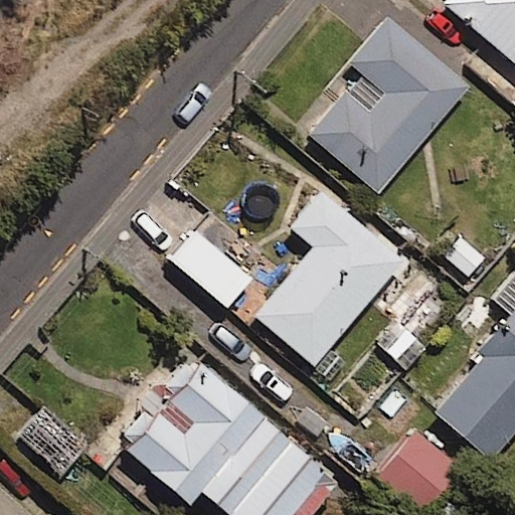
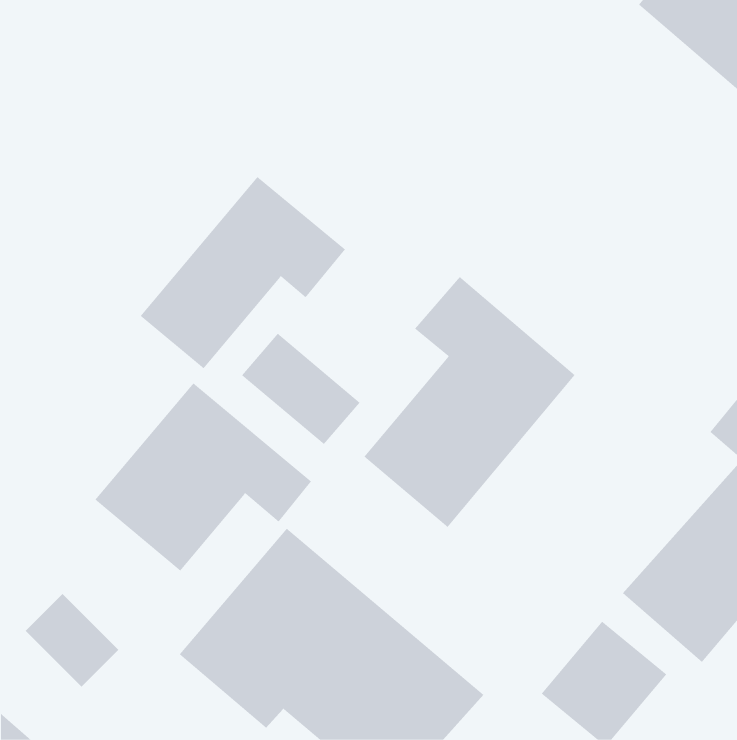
building: [310,17,469,192] -> none
building: none -> [140,176,346,369]
building: none -> [95,382,312,571]

